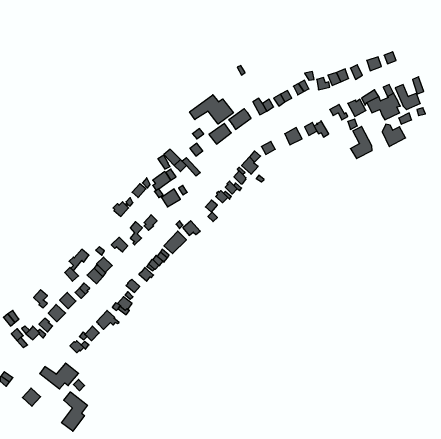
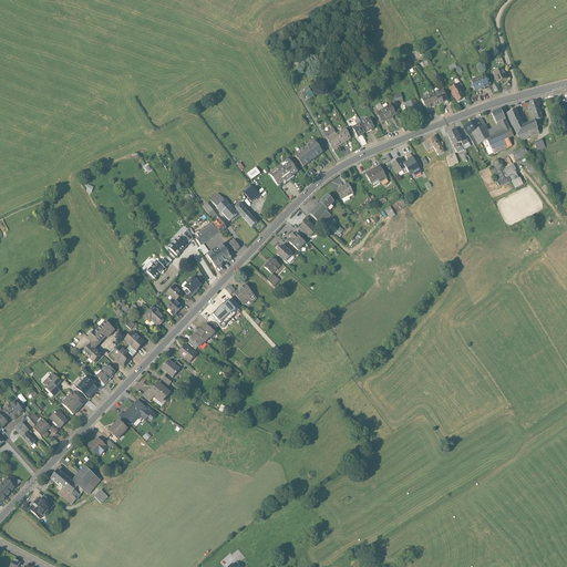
building: [190,95,233,124] -> none
building: [350,126,372,159] -> none
building: [62,392,87,431] -> none

